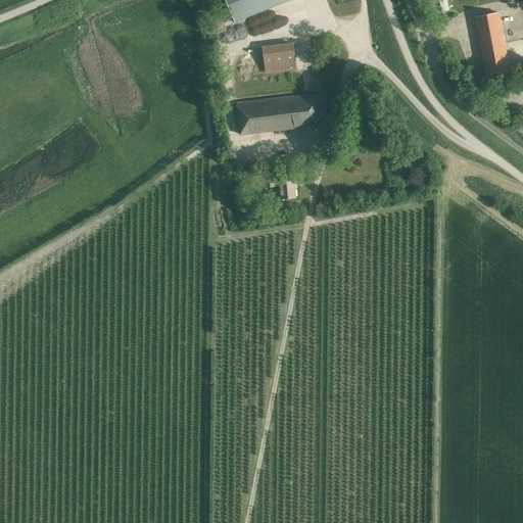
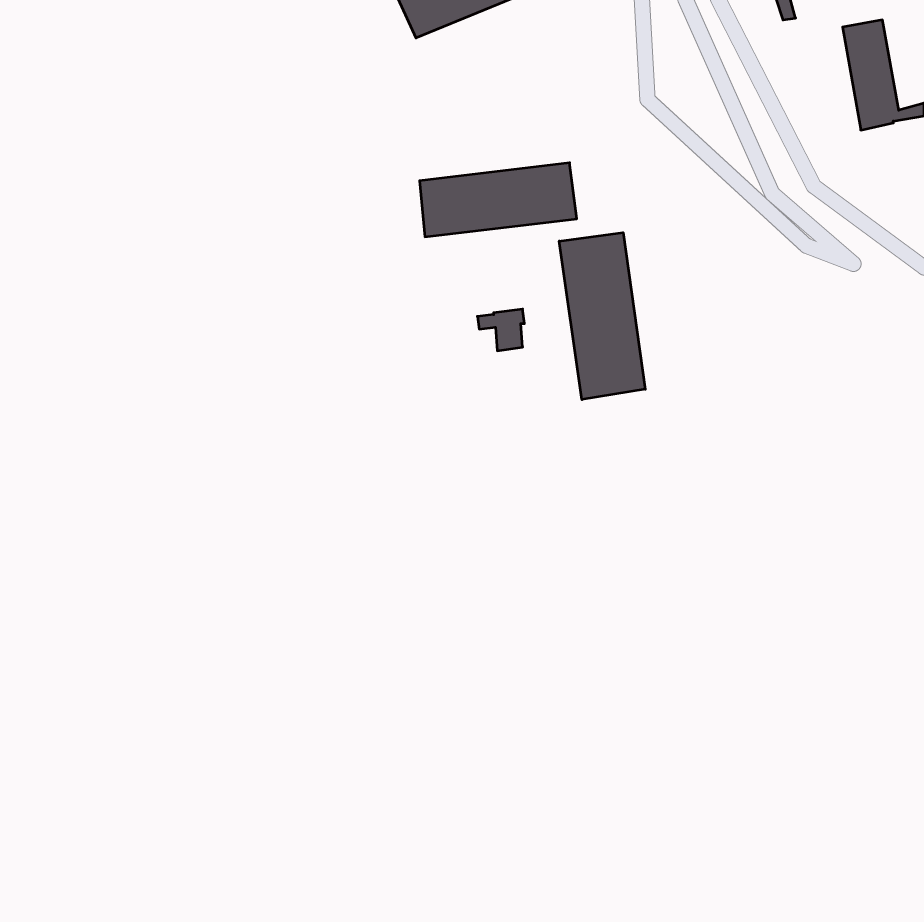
building: [263,44,296,70] -> none
building: none -> [559,233,645,400]

